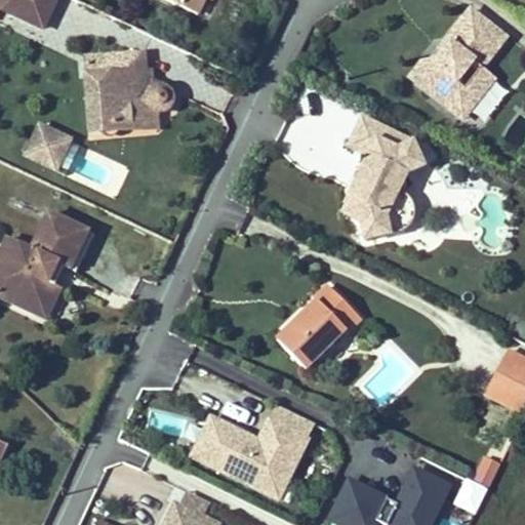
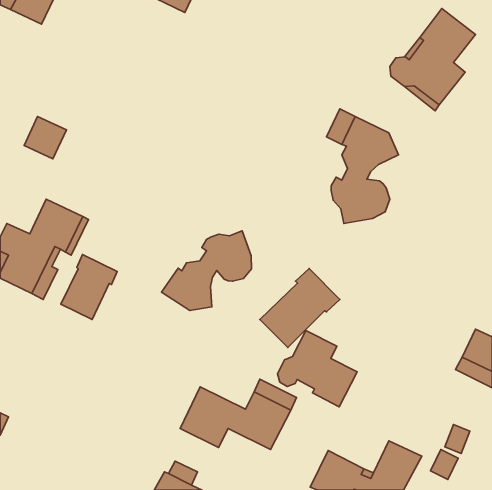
building: [86,52,177,132] -> none
building: none -> [162,231,251,310]
building: none -> [61,255,117,319]
building: none -> [278,331,357,407]
building: [233,456,288,498] -> none

